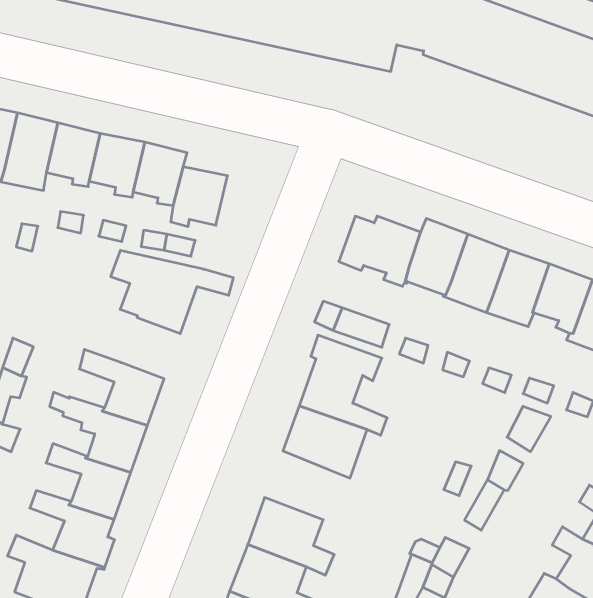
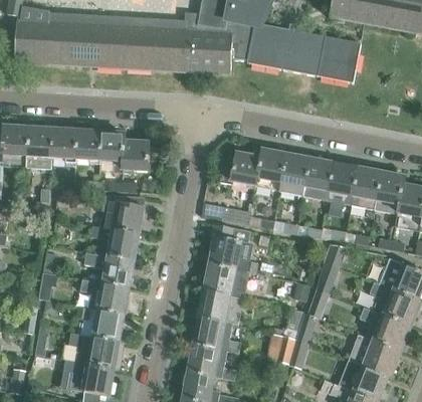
building: none -> [90,226,138,261]
building: none -> [198,290,245,327]

